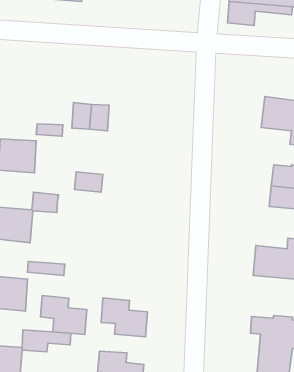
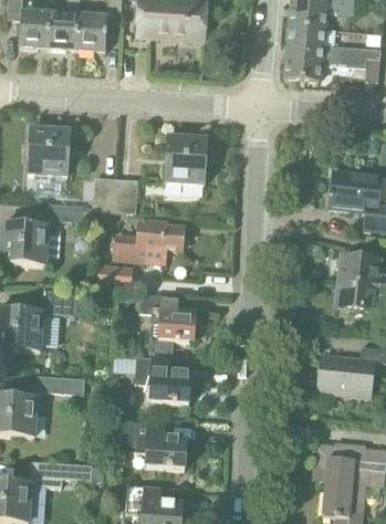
building: none -> [29,127,71,176]
building: none -> [166,136,209,186]
building: none -> [114,221,185,263]
building: none -> [140,293,196,353]
building: [40,295,87,334] -> [135,356,192,405]

